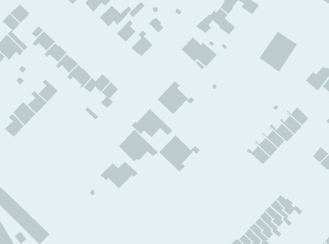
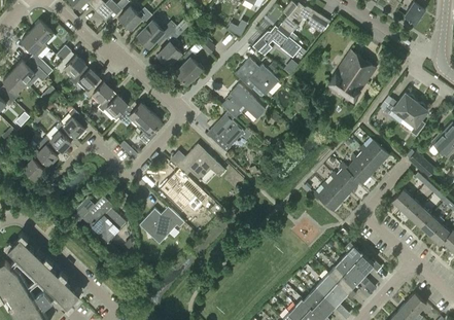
building: none -> [221,83,266,118]
building: [159,134,201,172] -> none
building: none -> [73,194,126,242]

